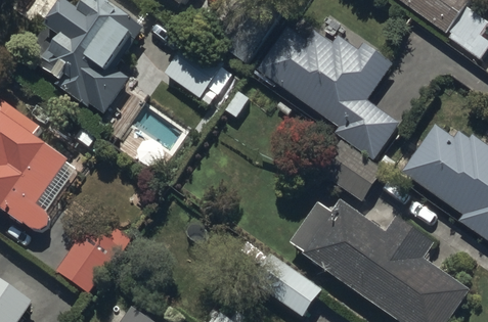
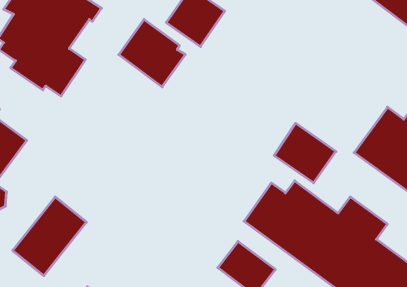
building: [256,31,400,159] -> none

